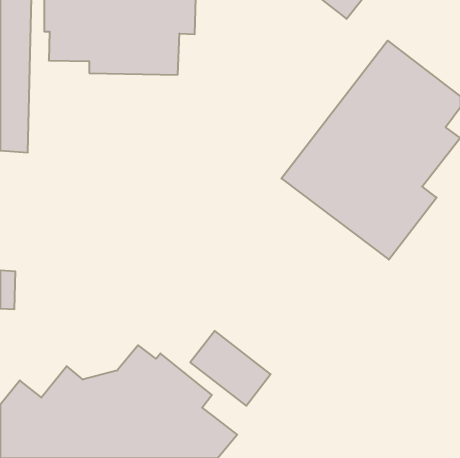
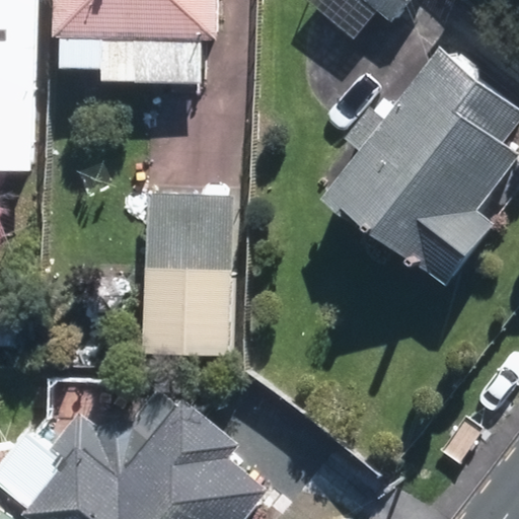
building: none -> [143,192,235,356]

